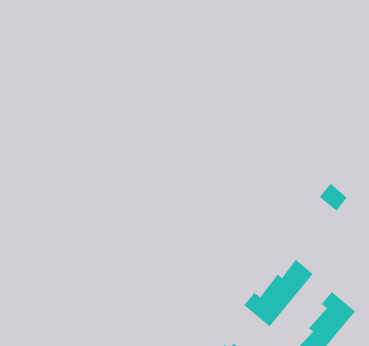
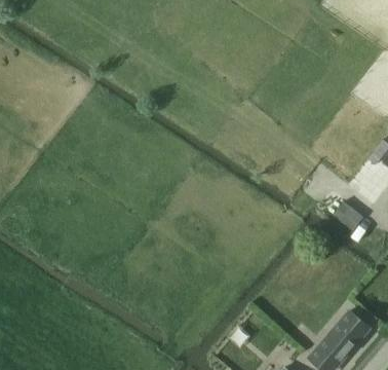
building: [243,259,314,327] -> none

